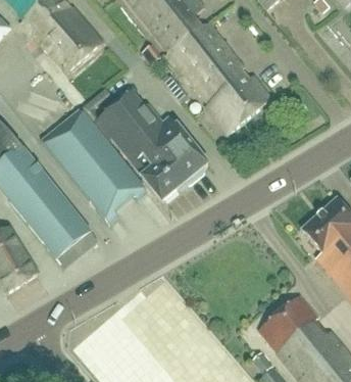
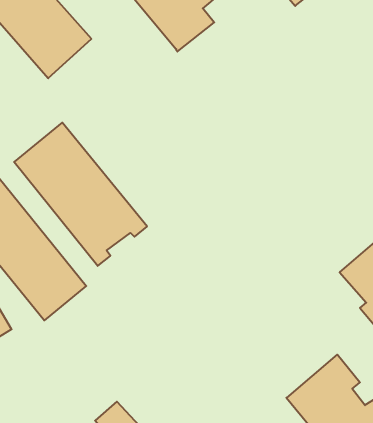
building: [170,18,269,133] -> none
building: [93,89,207,199] -> none

